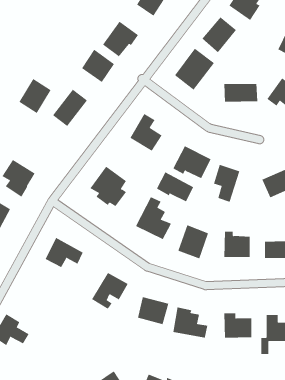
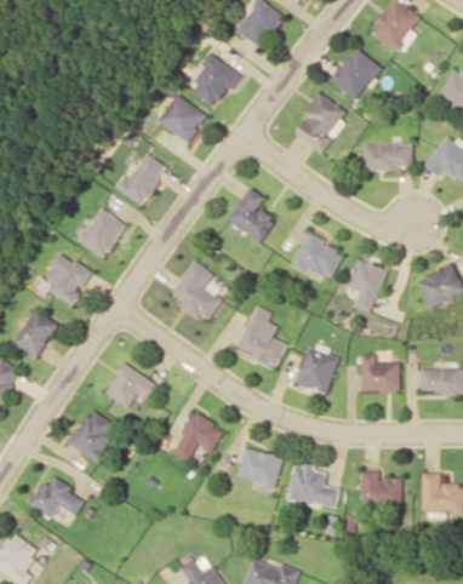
building: [19,78,52,114] -> [78,207,125,258]
building: [156,172,194,202] -> none
building: none -> [68,410,119,462]

